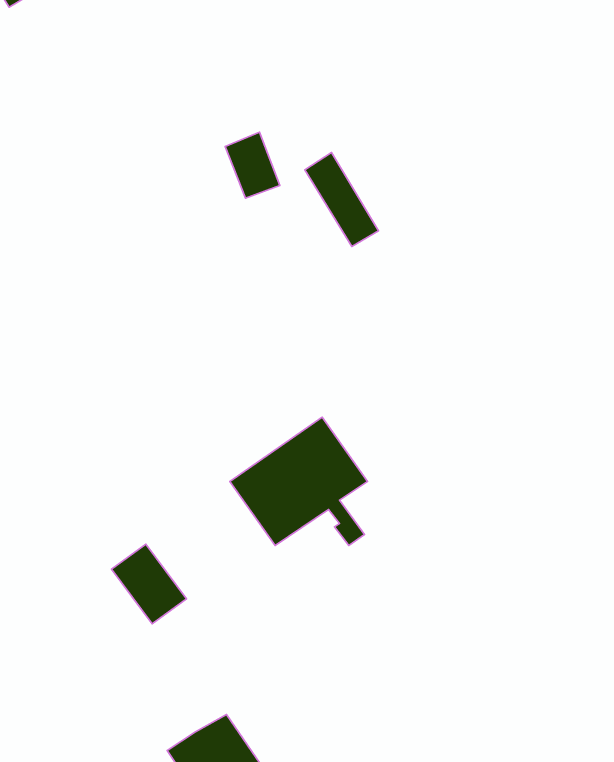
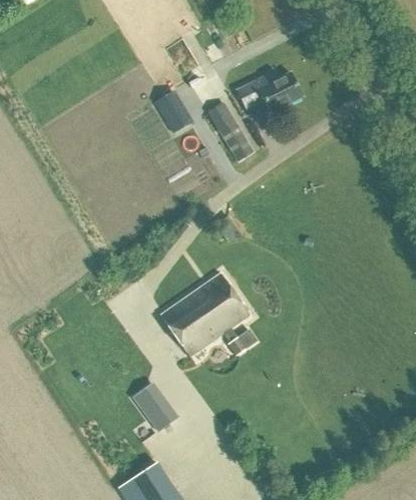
building: none -> [237,73,301,113]
building: [111,544,187,624] -> [131,381,179,432]

